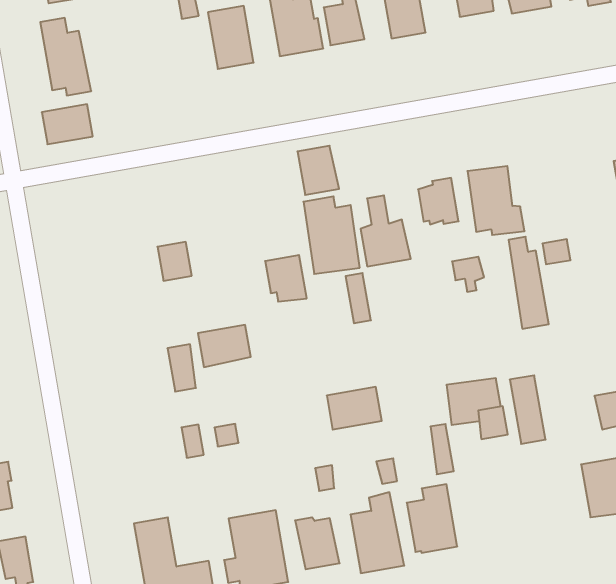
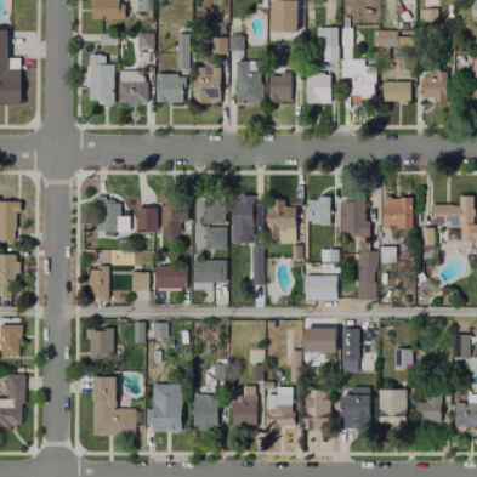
building: none -> [157,74,187,102]
building: [42,104,93,144] -> [119,81,148,102]
building: [297,146,339,195] -> [203,197,225,225]
building: none -> [384,197,411,229]
building: none -> [161,197,191,233]
building: none -> [96,194,118,232]
building: none -> [303,274,335,300]
building: none -> [87,266,108,301]
building: [327,387,382,430] -> [193,260,225,282]
building: none -> [90,328,112,359]
building: none -> [305,388,333,427]
building: none -> [341,396,369,428]

